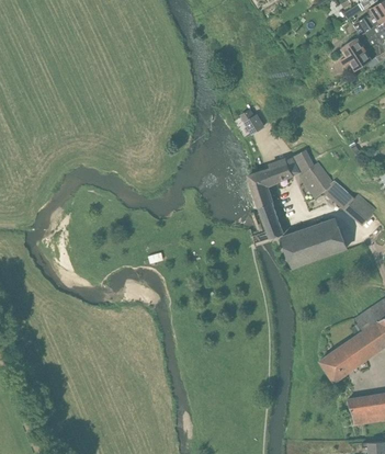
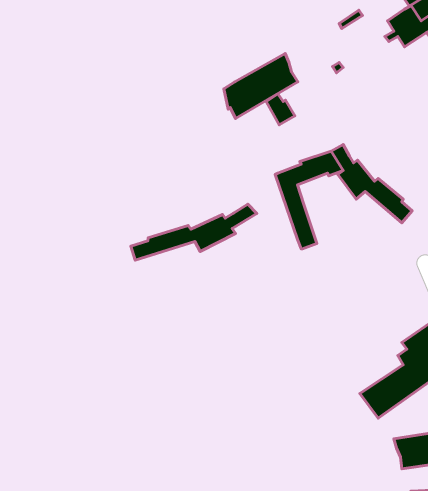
building: none -> [224,53,298,118]
building: none -> [131,204,257,260]
building: [282,218,347,266] -> none

